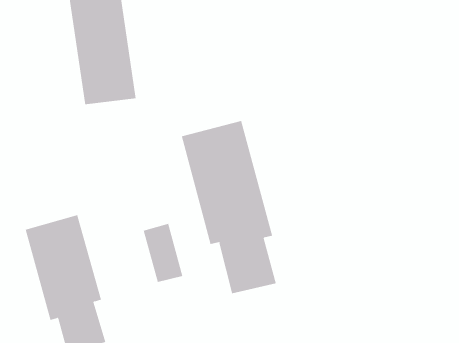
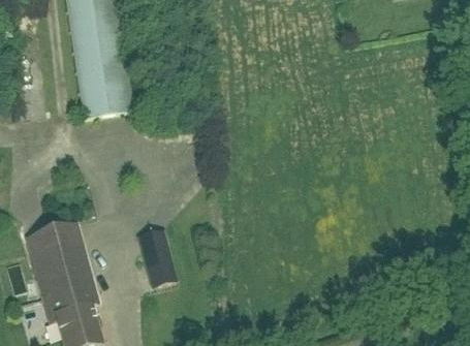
building: [181,120,276,294] -> none

